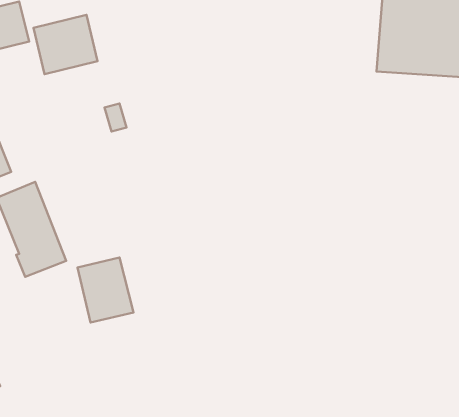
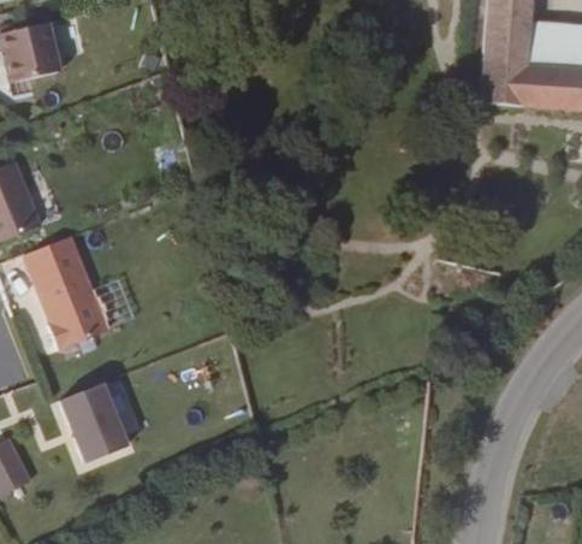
building: [34,15,97,74] -> none
building: [77,257,134,323] -> [52,385,119,463]

